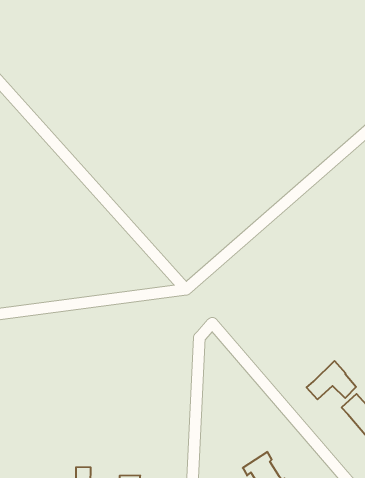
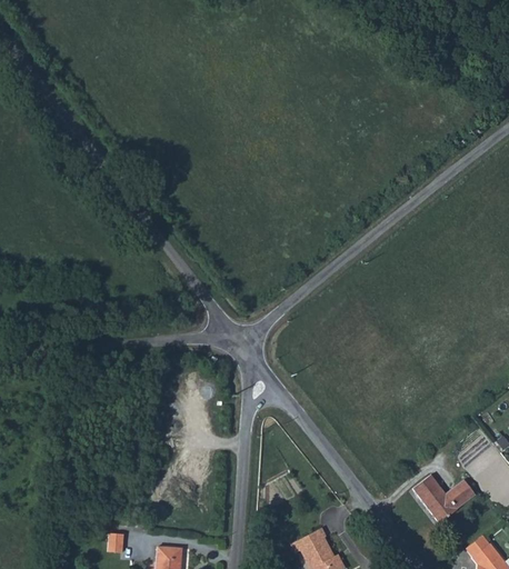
building: [307,361,356,399] -> none

